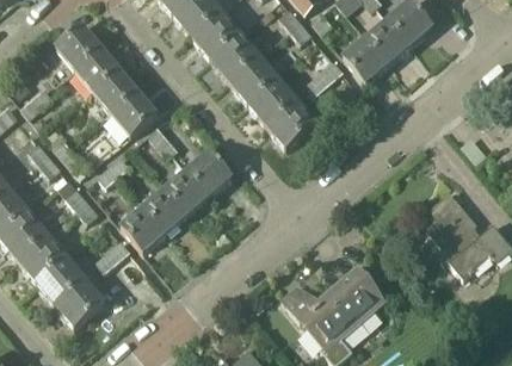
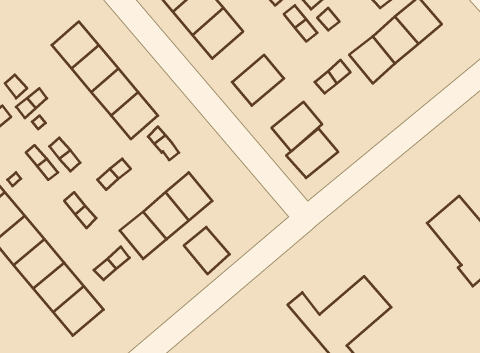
building: [210,33,260,82] -> none
building: [248,79,298,126] -> [286,128,338,178]
building: [187,151,232,197] -> [184,227,230,274]

